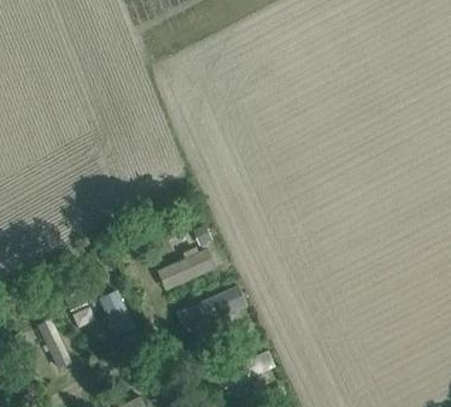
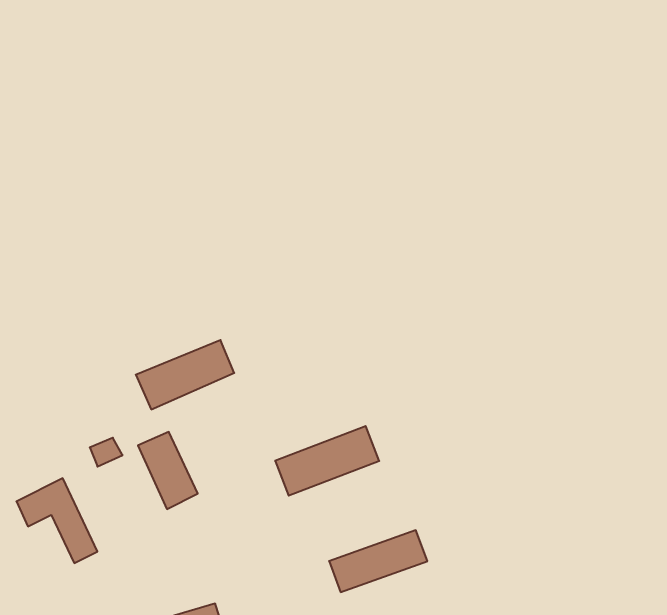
building: [156,248,217,291] -> [136,340,234,409]

